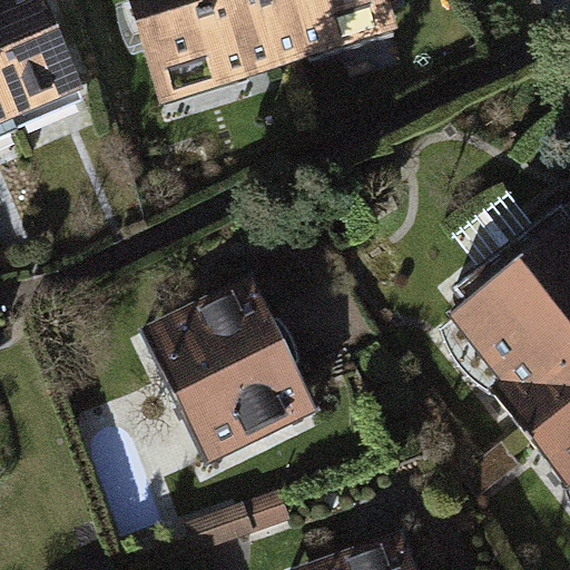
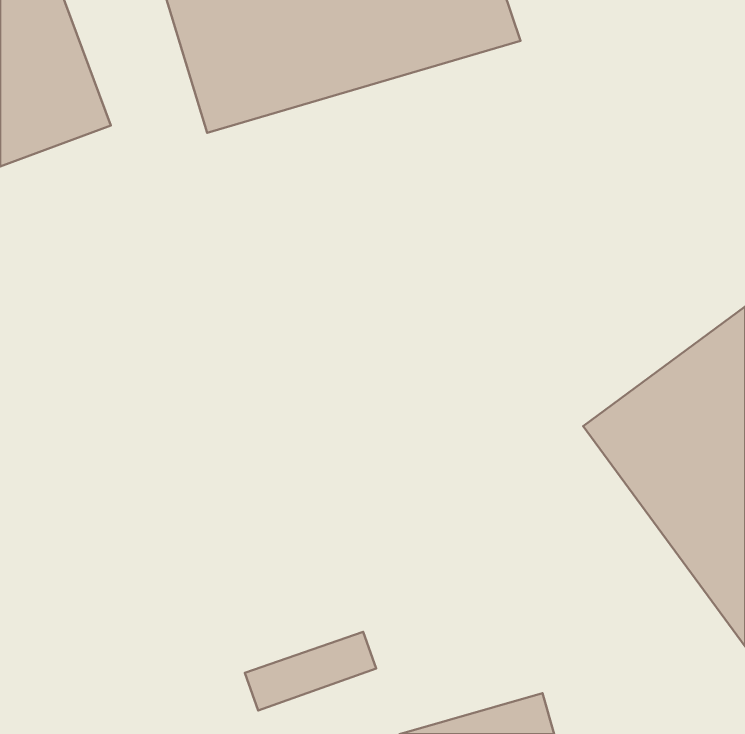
building: [149,281,320,466] -> none

